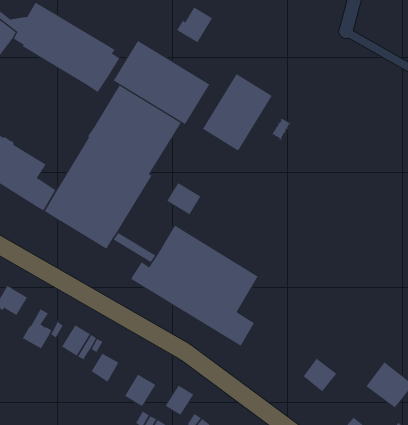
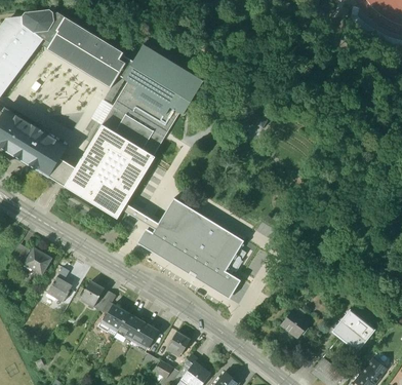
building: [176,7,213,43] -> none
building: [202,73,272,151] -> none
building: [166,182,201,215] -> none
building: none -> [117,312,143,340]

